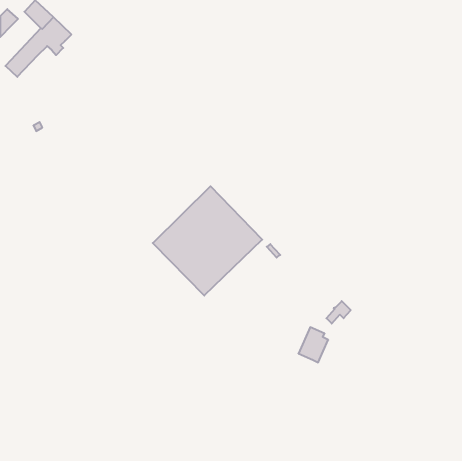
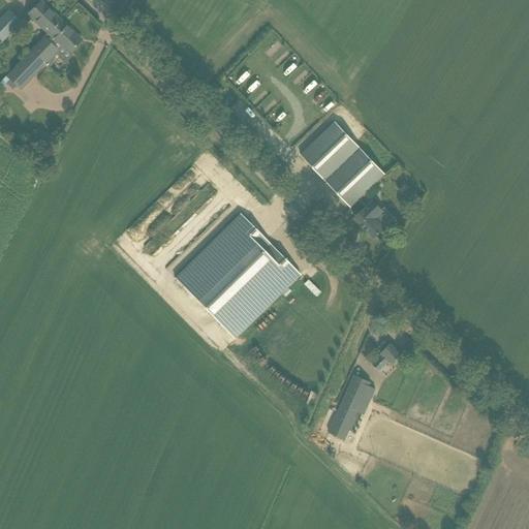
building: none -> [300,121,384,207]
building: none -> [356,199,394,238]
building: none -> [329,404,357,439]

